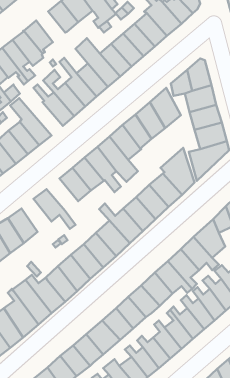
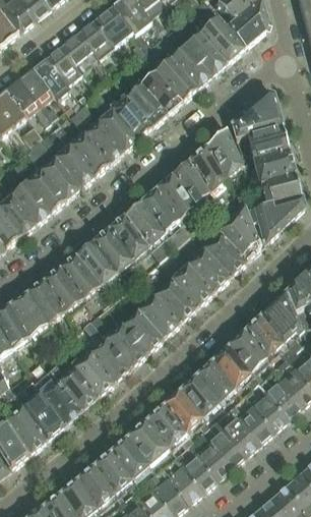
building: none -> [62,32,111,82]
building: none -> [41,132,96,187]
building: none -> [75,241,127,294]
building: none -> [44,267,81,308]

